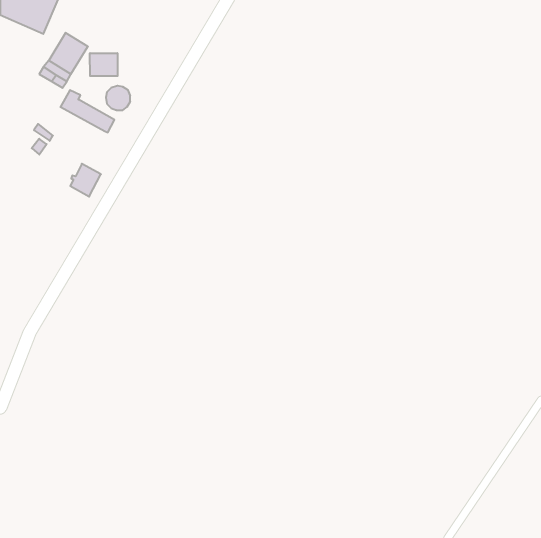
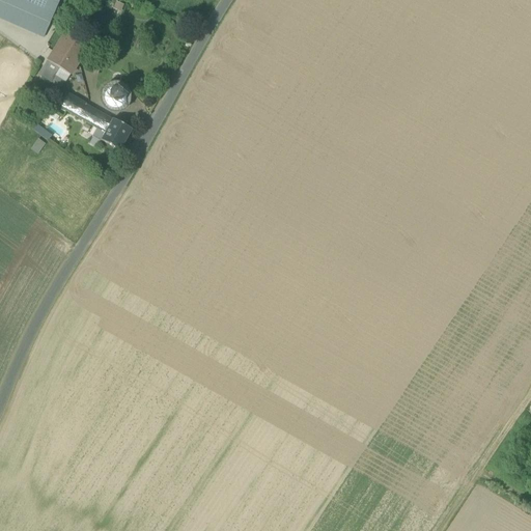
building: [90,53,118,76] -> none
building: [70,164,101,197] -> [101,117,131,149]

